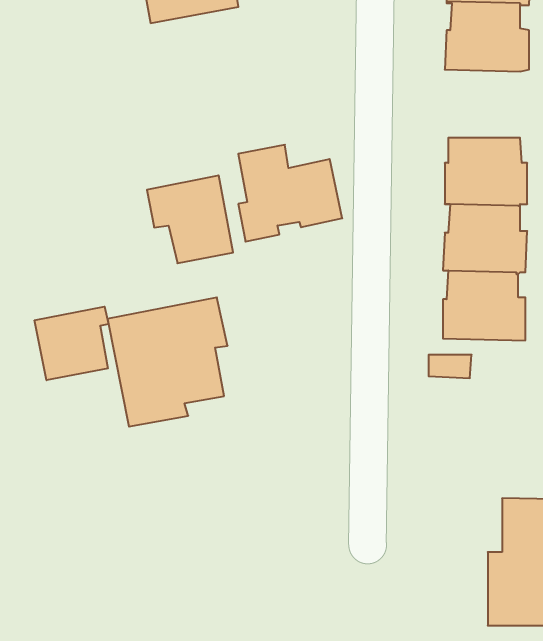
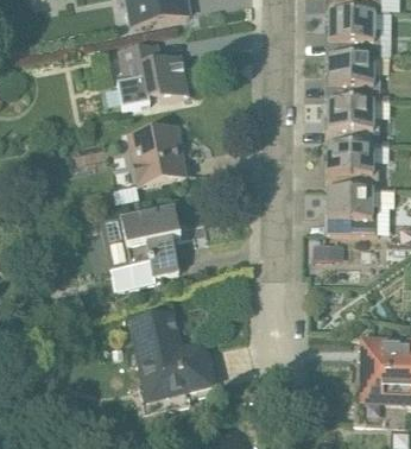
building: none -> [325,53,381,99]
building: [238,145,342,242] -> [119,44,188,108]
building: [35,307,109,380] -> none
building: none -> [131,310,213,403]

